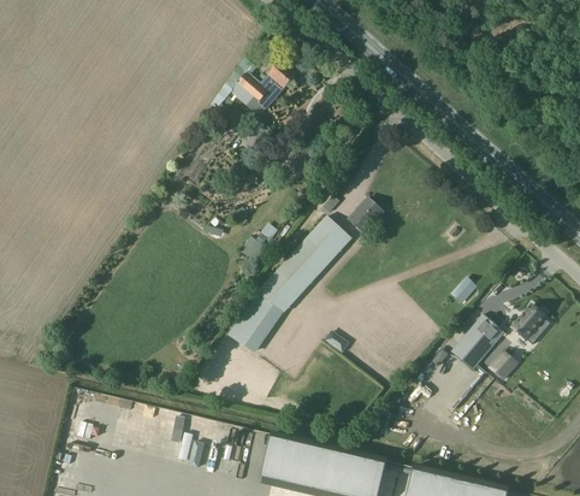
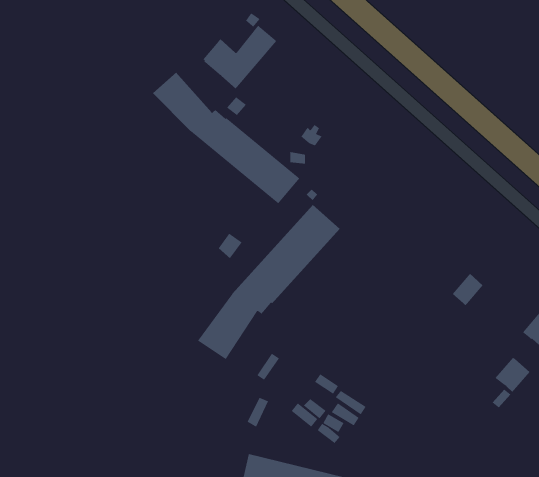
building: none -> [152,72,300,204]
building: [348,197,380,232] -> none
building: [451,313,504,370] -> none

